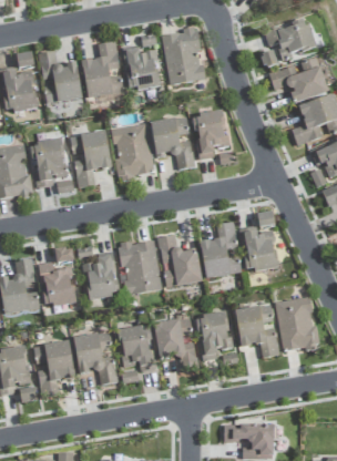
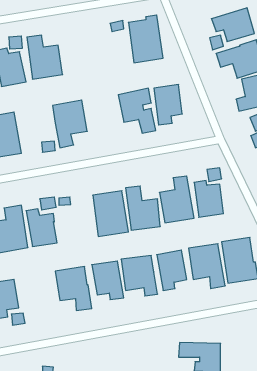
building: [81,40,123,99] -> none
building: [124,43,160,89] -> none
building: [112,122,154,177] -> none
building: [32,139,65,186] -> none
building: [83,249,119,298] -> none
building: [33,340,74,395] -> none

